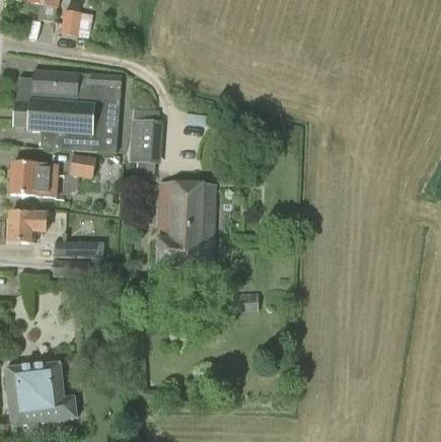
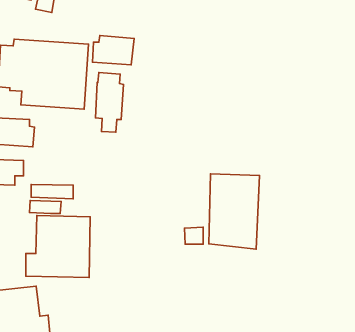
building: none -> [92,35,134,65]
building: [70,153,96,178] -> none
building: [157,180,217,270] -> [209,174,259,249]
building: none -> [26,216,90,277]

